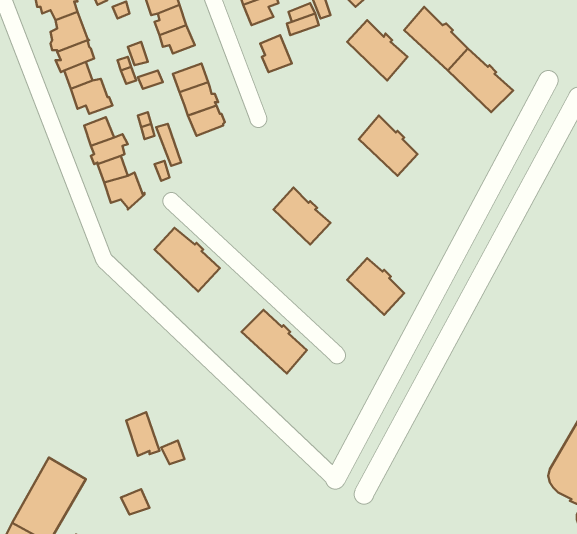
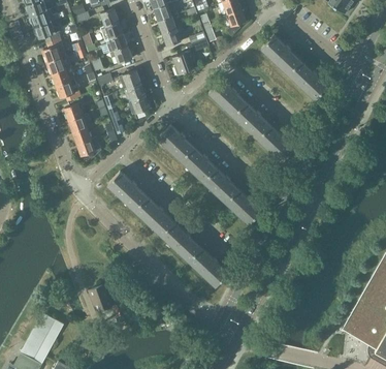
building: [347,20,407,80] -> [208,80,246,117]
building: none -> [158,126,193,160]
building: none -> [257,126,294,162]
building: none -> [203,168,238,204]
building: none -> [134,196,174,236]
building: none -> [189,247,228,286]

